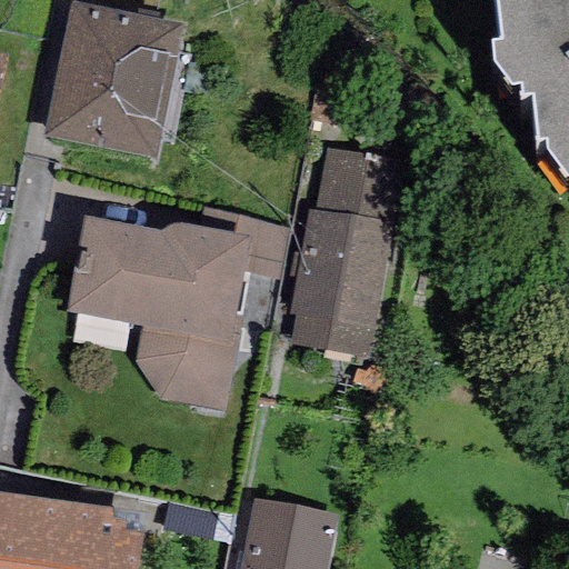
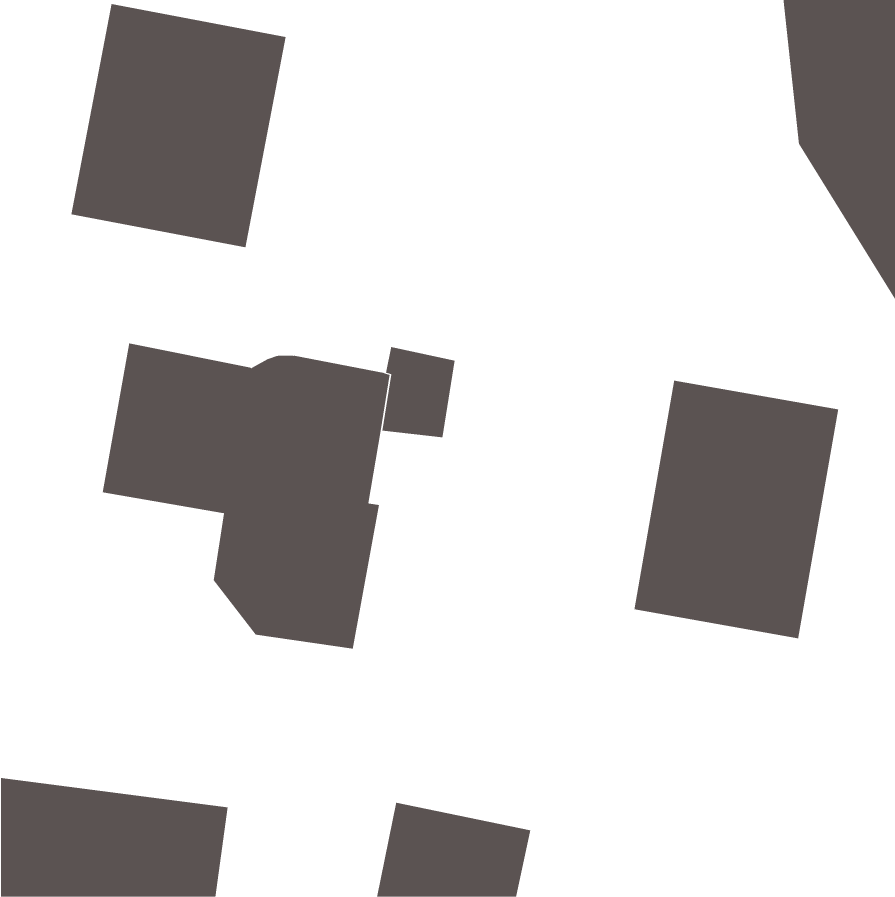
building: [290,148,406,358] -> none
building: none -> [634,380,839,639]

